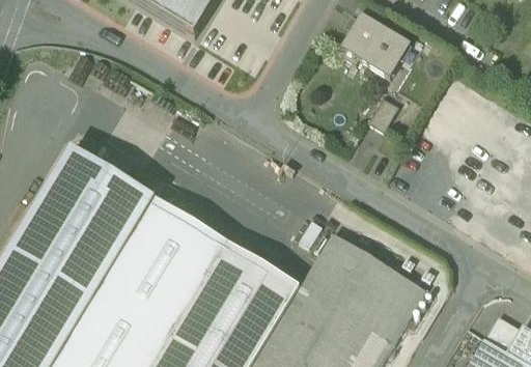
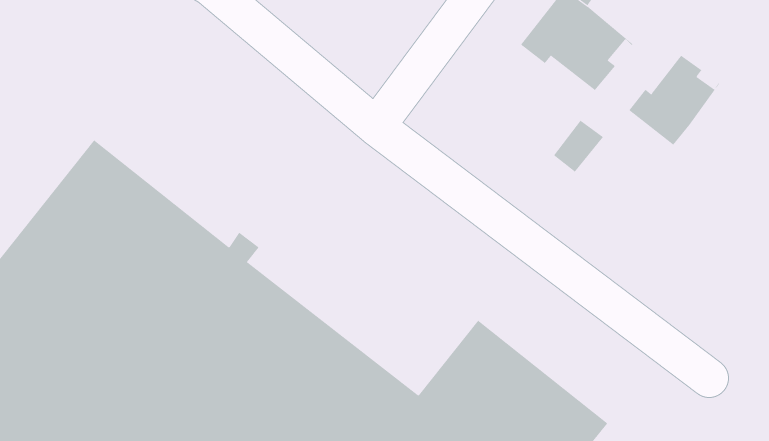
building: none -> [628,55,720,145]

